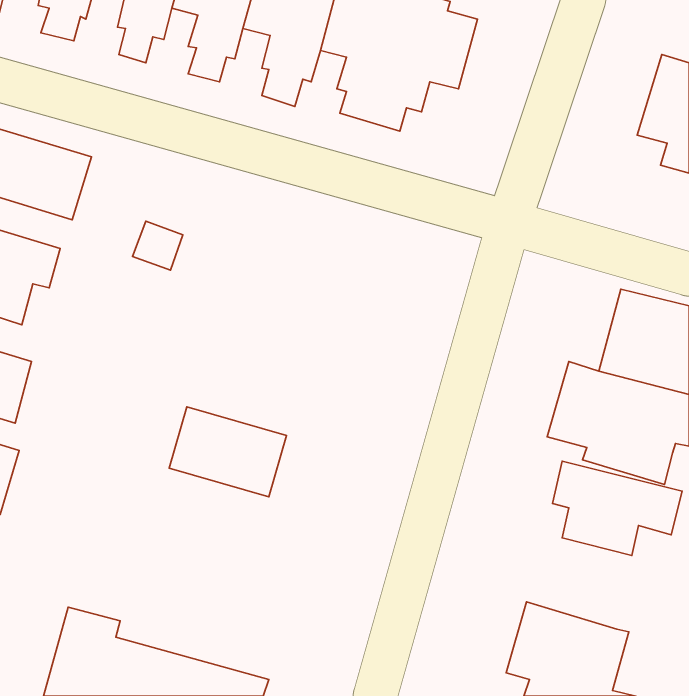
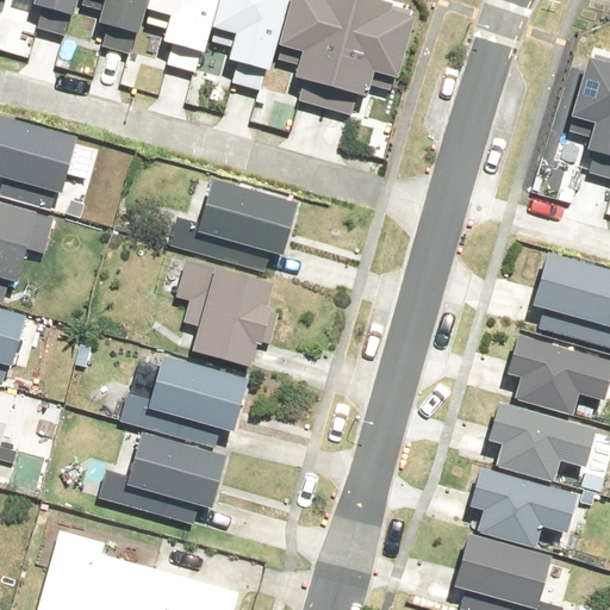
building: none -> [199,175,303,256]
building: none -> [180,257,276,367]
building: none -> [125,430,229,510]
building: none -> [472,469,578,549]

